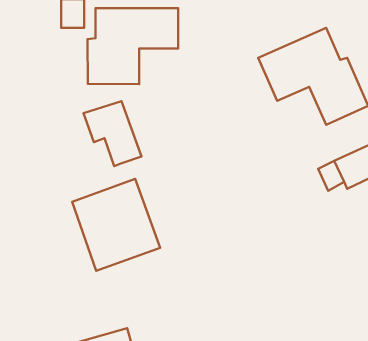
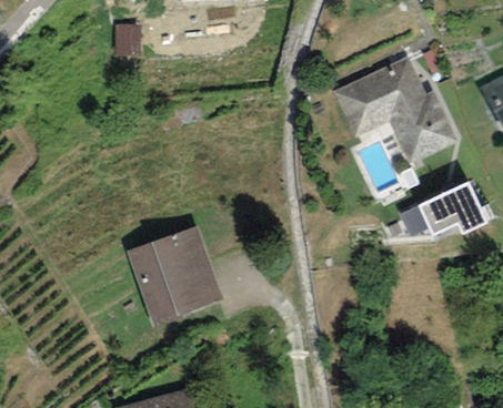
building: [87,8,178,84] -> none
building: [83,101,142,166] -> none

